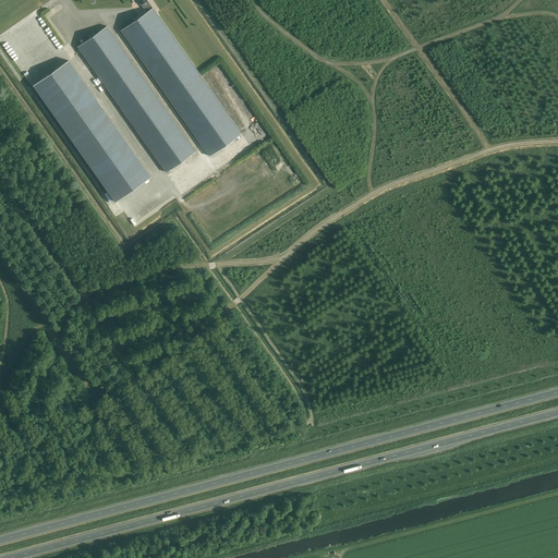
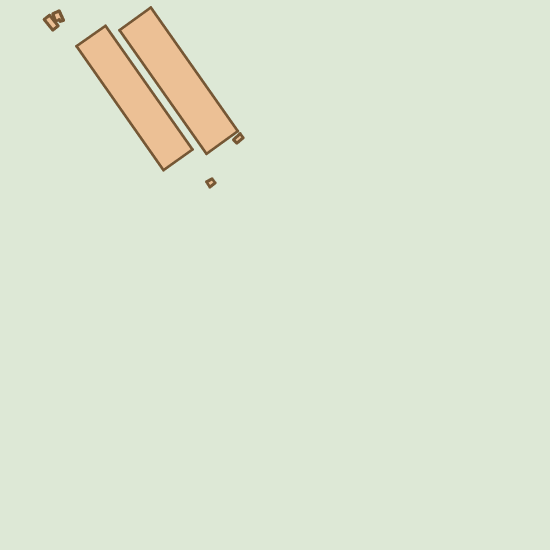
building: [33,60,150,202] -> none

